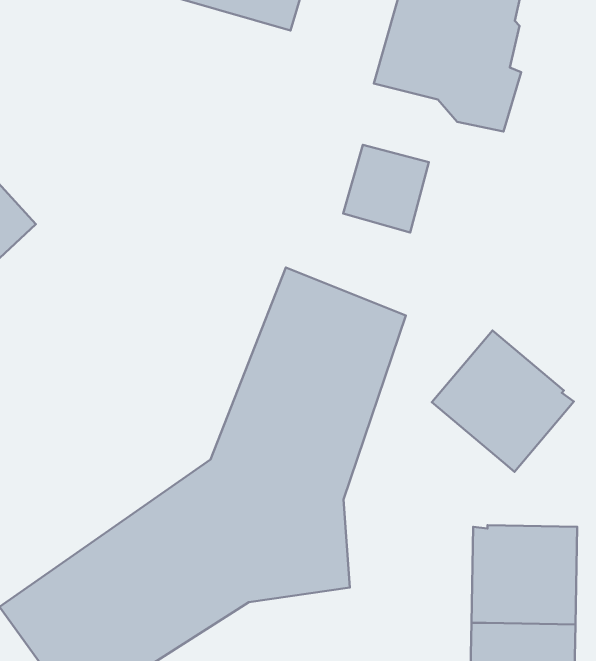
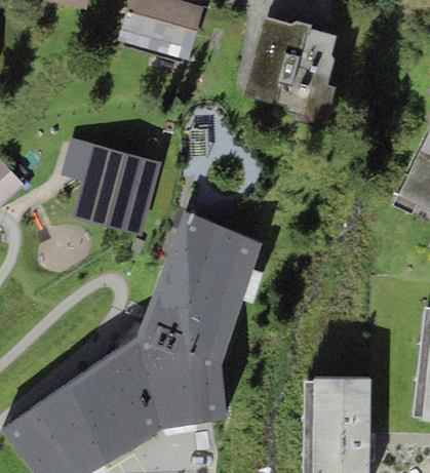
building: [343,145,429,232] -> none
building: none -> [62,140,160,236]
building: [432,330,574,472] -> none

